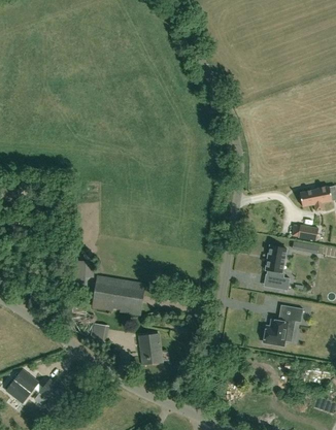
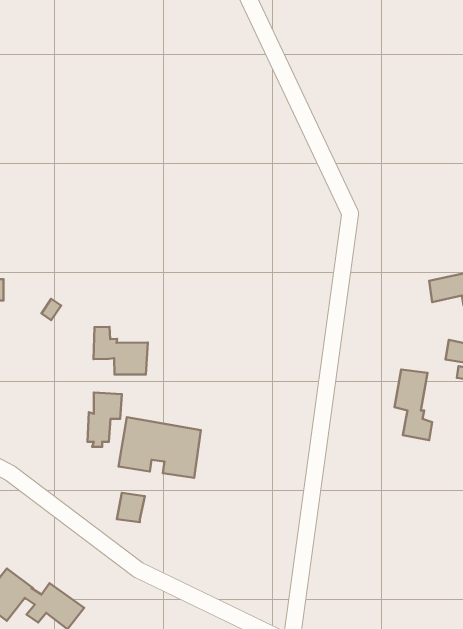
building: none -> [94,327,148,375]
building: [263,307,302,346] -> none
building: [138,334,161,364] -> none

